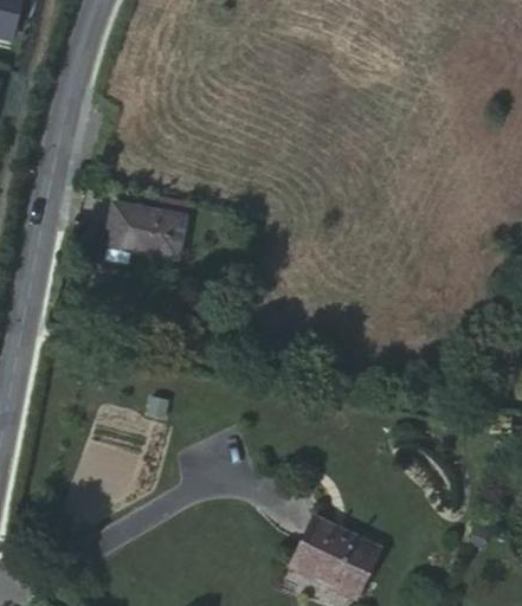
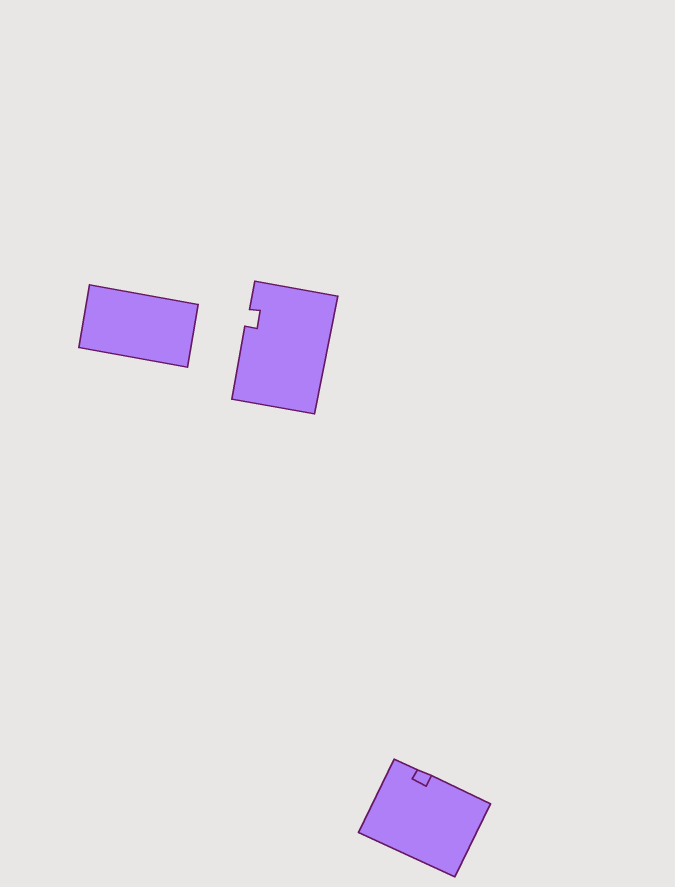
building: none -> [232,281,338,414]

